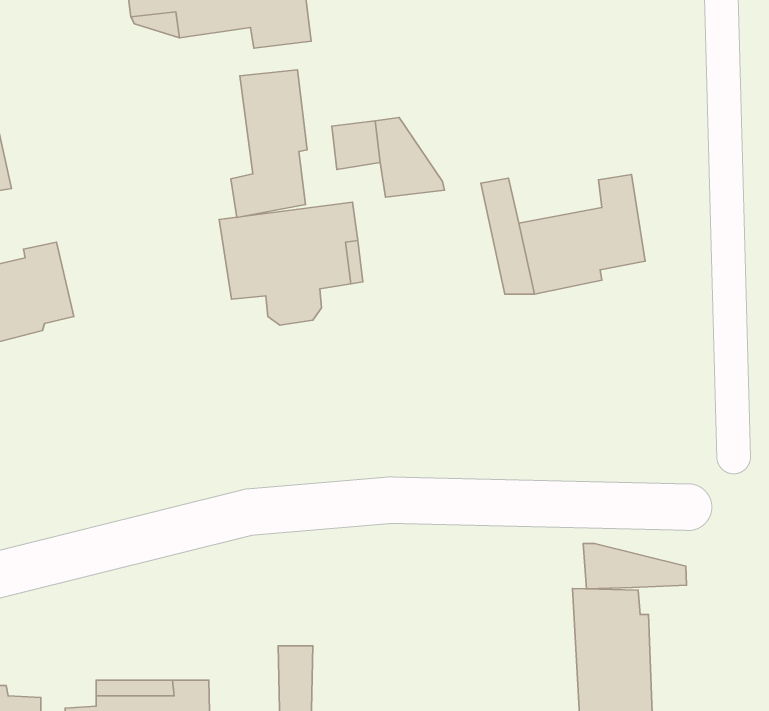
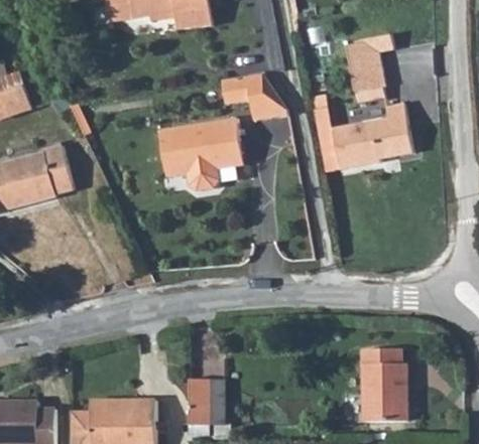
building: none -> [341,37,389,96]
building: [231,70,307,217] -> none
building: [583,543,686,589] -> none

